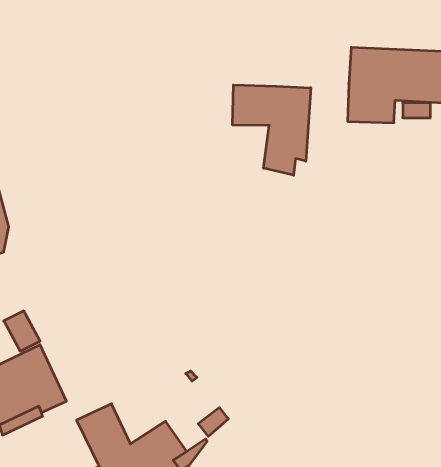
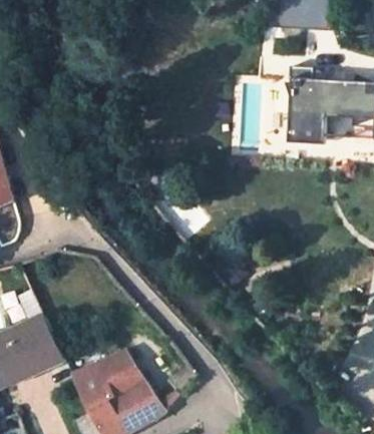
building: [233,85,311,175] -> none
building: none -> [99,352,142,395]

